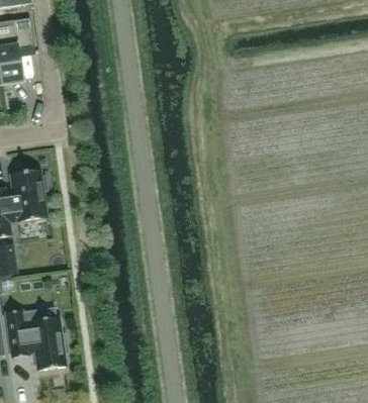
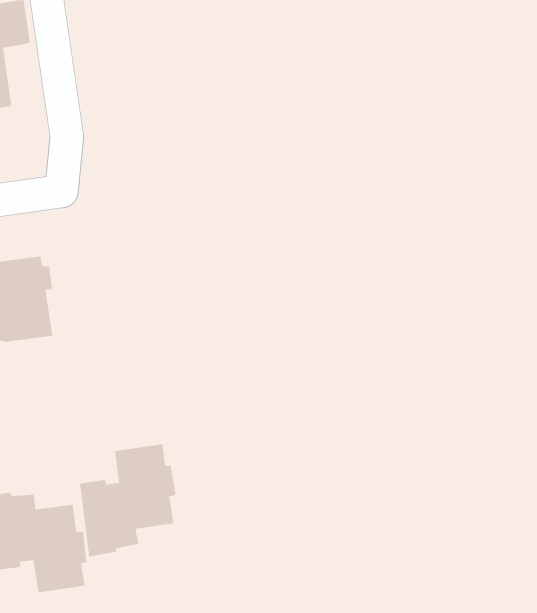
building: none -> [79,443,176,557]

